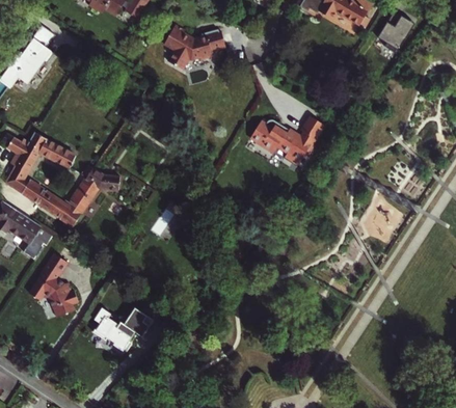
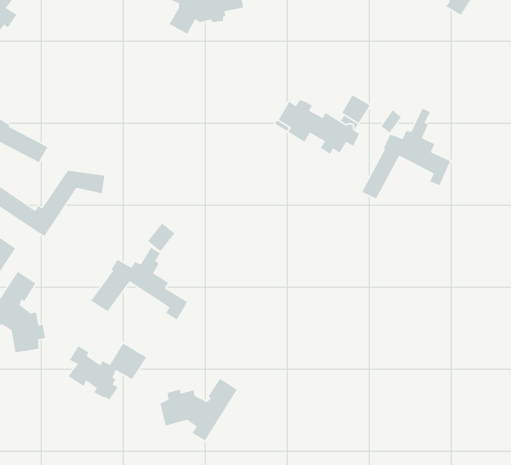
building: none -> [361,107,451,200]
building: none -> [90,247,188,321]
building: none -> [159,378,238,441]

